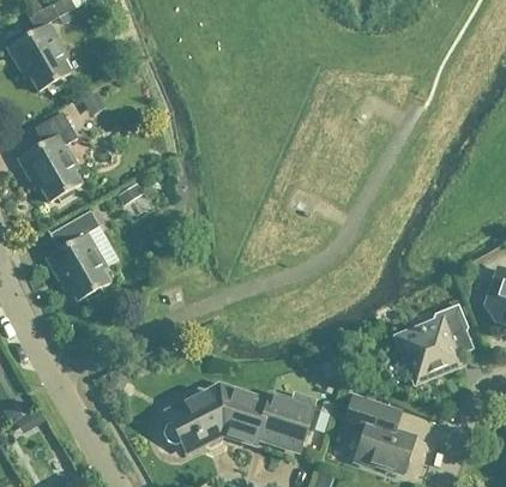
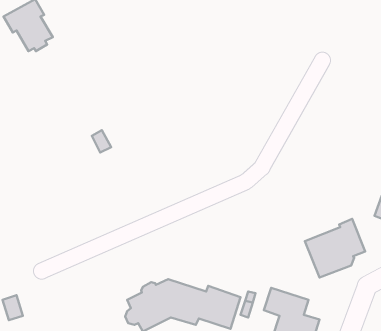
building: [18,110,82,202] -> none
building: [46,210,109,300] -> none

